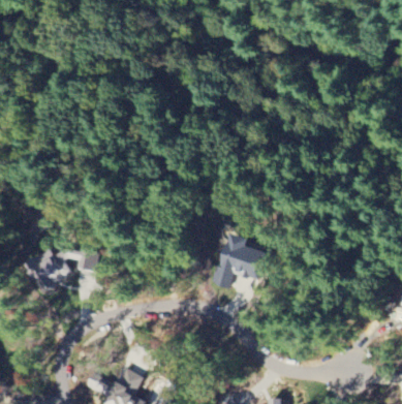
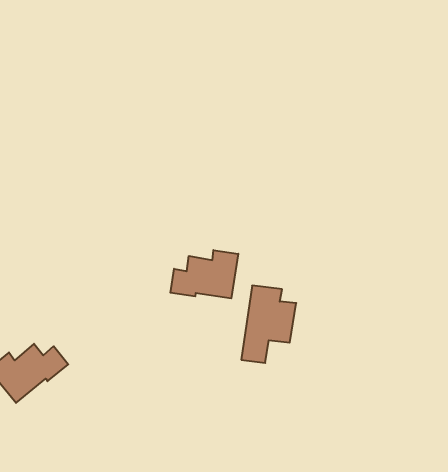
building: none -> [170,250,238,298]

